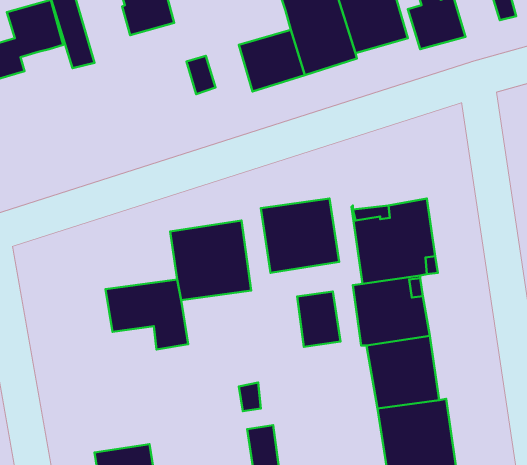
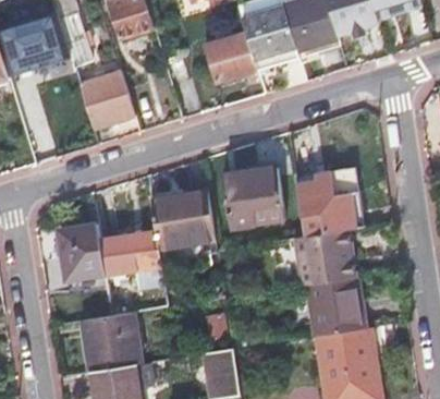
building: none -> [80,71,134,129]
building: none -> [59,225,107,291]
building: [297,291,340,347] -> none
building: none -> [81,312,139,370]

